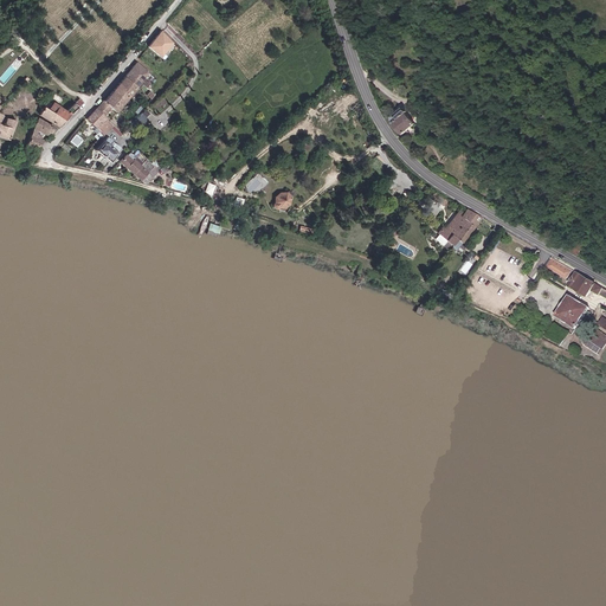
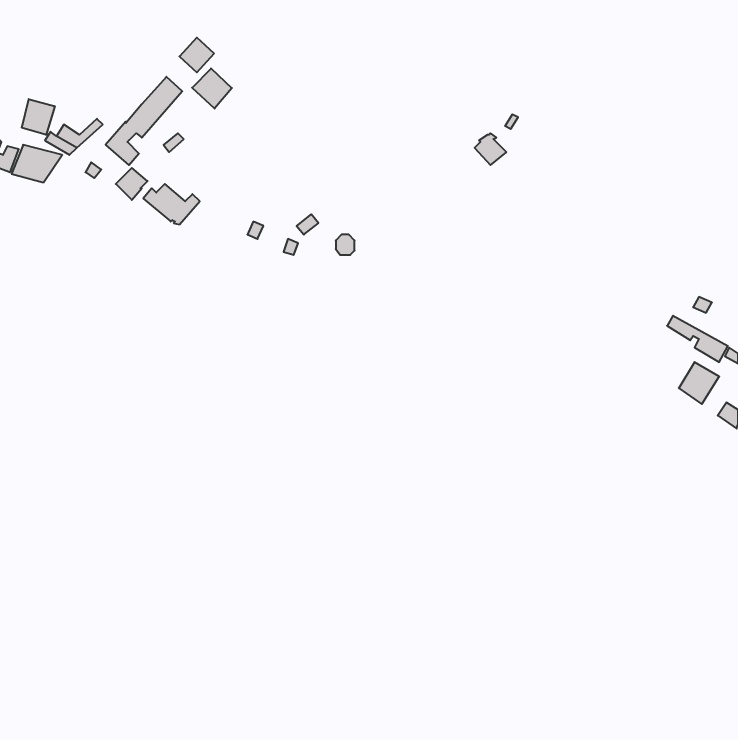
building: none -> [192,68,232,109]
building: none -> [22,99,55,135]
building: [437,208,481,249] -> none

